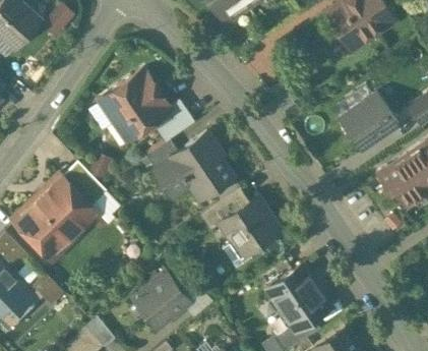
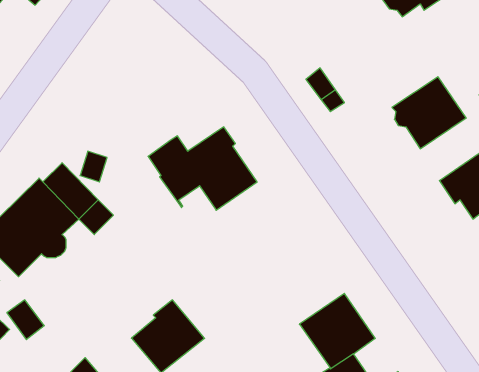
building: [98,71,161,136] -> none
building: [155,101,194,144] -> none
building: [199,193,279,254] -> none

